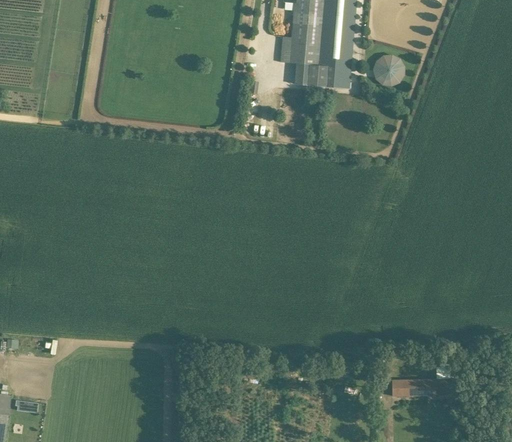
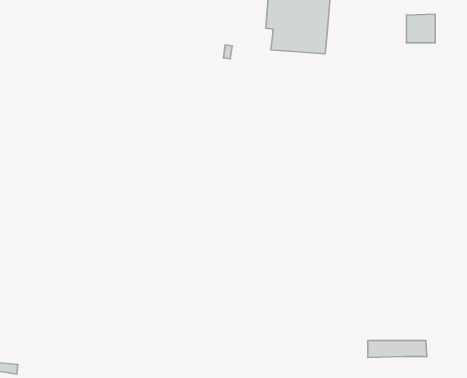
building: [373,55,402,84] -> [407,14,435,43]

